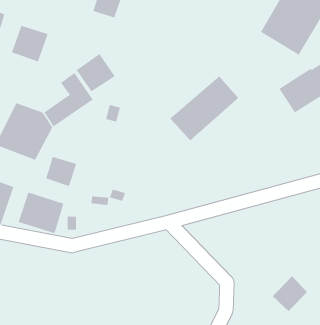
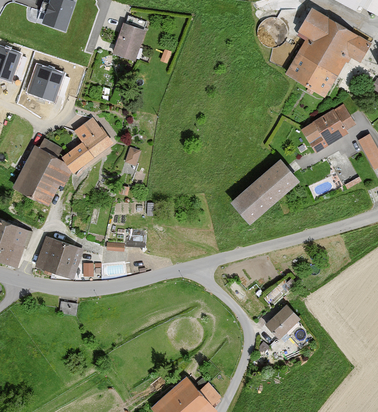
building: [76,53,116,92] -> none
building: [170,75,239,141] -> [230,160,301,227]
building: [45,156,77,187] -> none
building: [272,275,308,312] -> [263,302,300,339]

